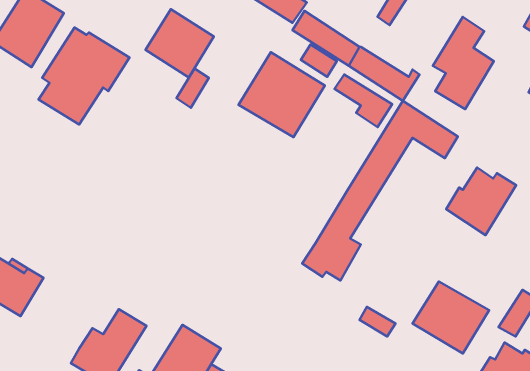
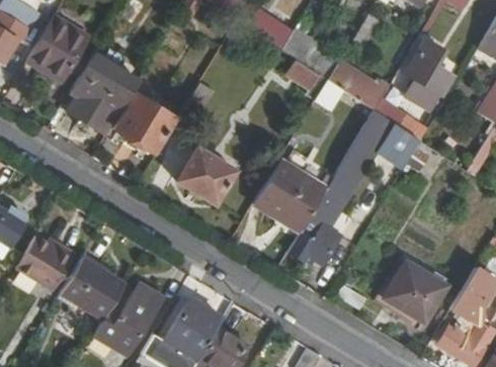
building: [146,9,214,77] -> [115,94,173,152]
building: [238,52,325,137] -> [255,158,328,230]
building: none -> [176,147,234,201]
building: [446,168,516,235] -> none
building: none -> [60,257,125,318]

